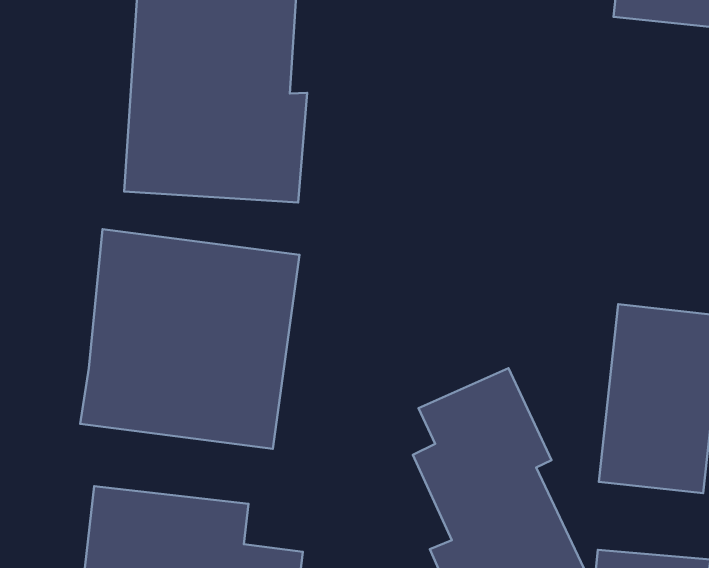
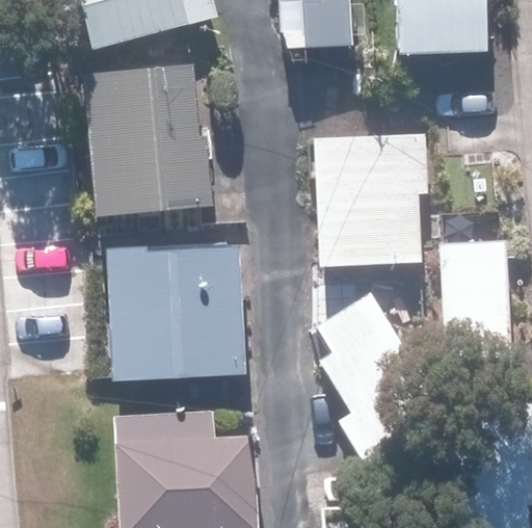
building: none -> [302,135,426,267]

